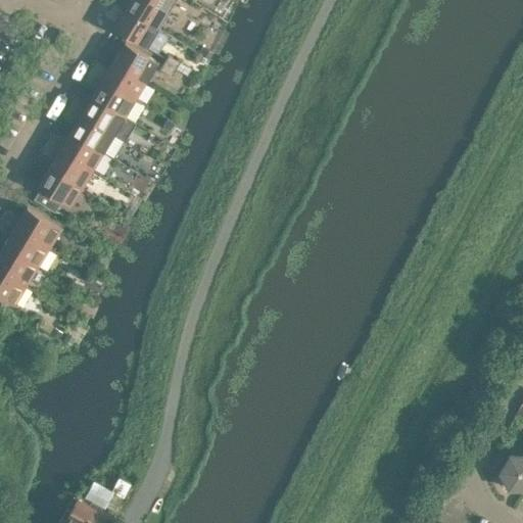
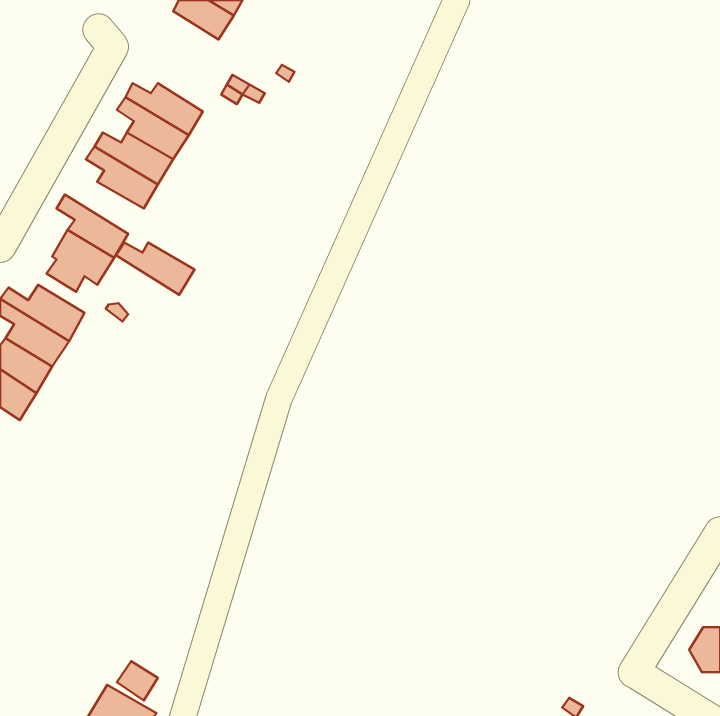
building: [114,11,158,50] -> none
building: [114,44,158,84] -> none
building: [47,135,104,173] -> [116,243,195,295]

